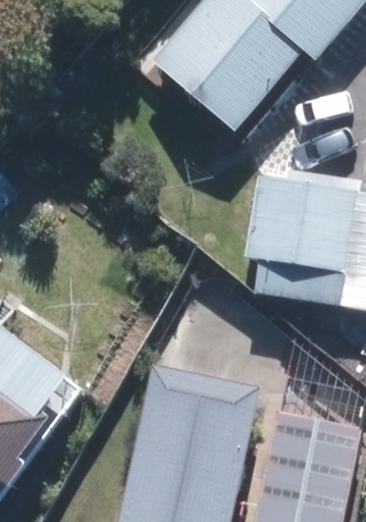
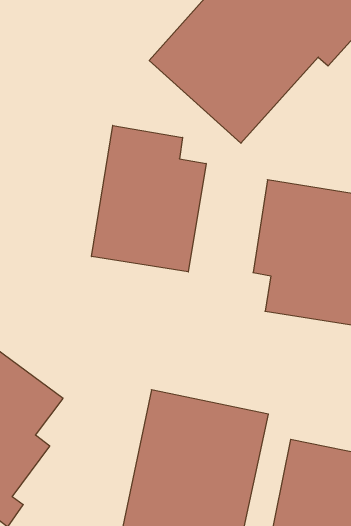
building: none -> [92,125,206,272]

